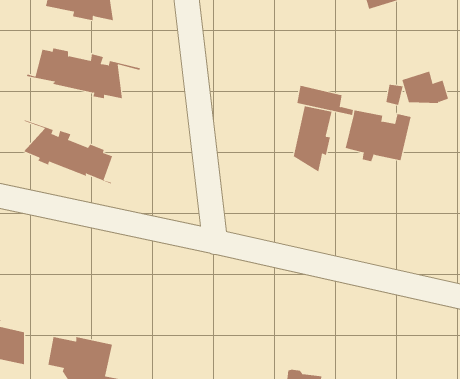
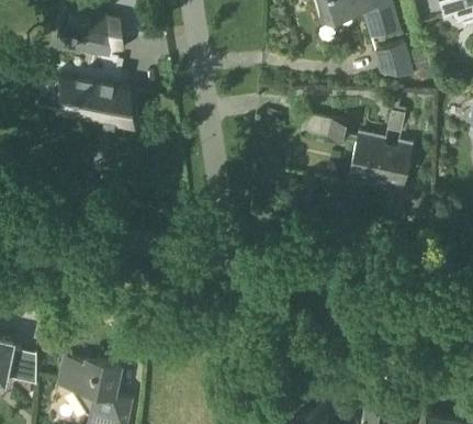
building: [402,71,449,103] -> [375,43,421,75]
building: [293,105,332,172] -> none
building: [23,119,113,184] -> none

